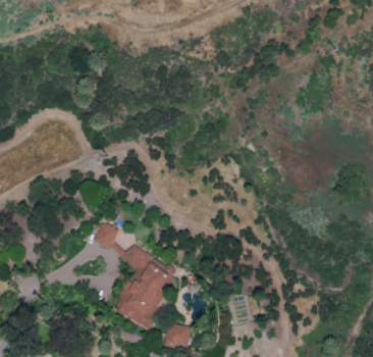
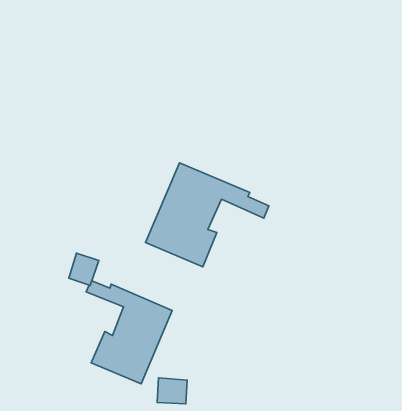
building: none -> [146,163,269,267]

